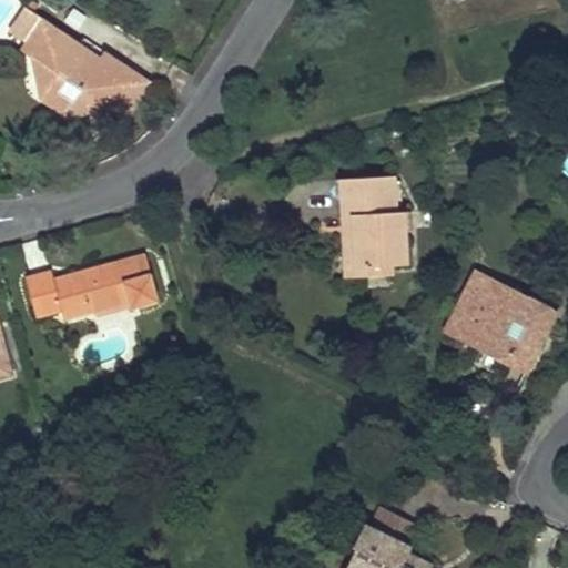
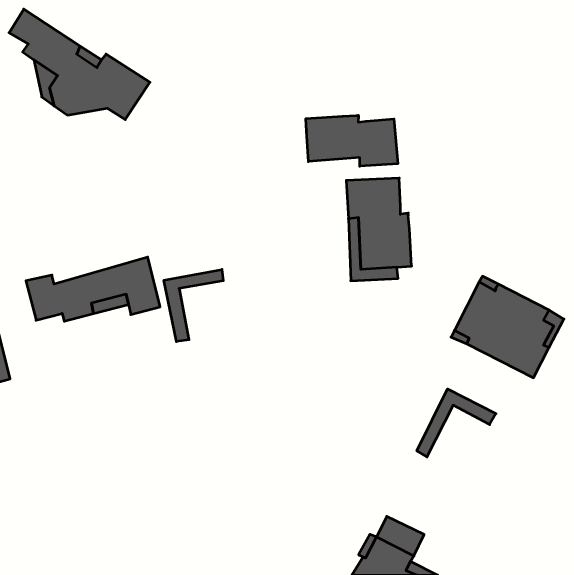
building: none -> [306,115,398,166]
building: none -> [164,269,223,342]
building: none -> [417,389,496,457]

